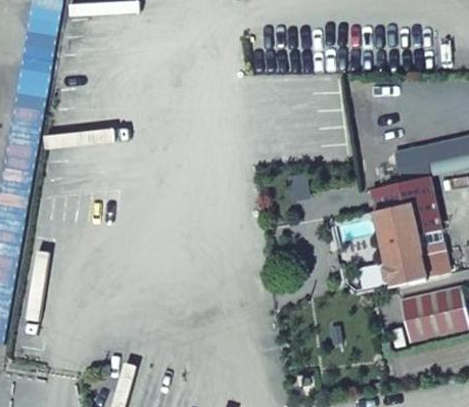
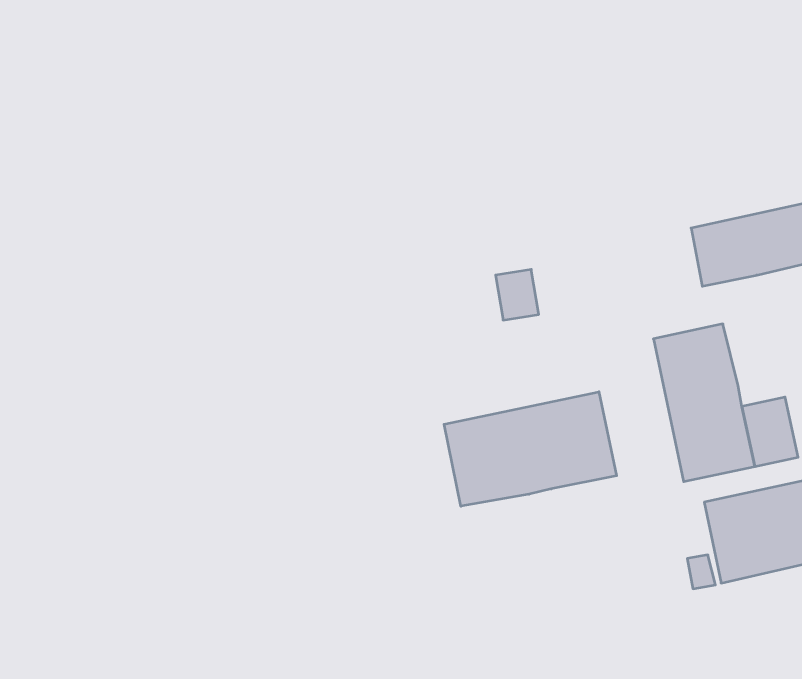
building: [369,176,441,236] -> none
building: none -> [444,392,617,506]

